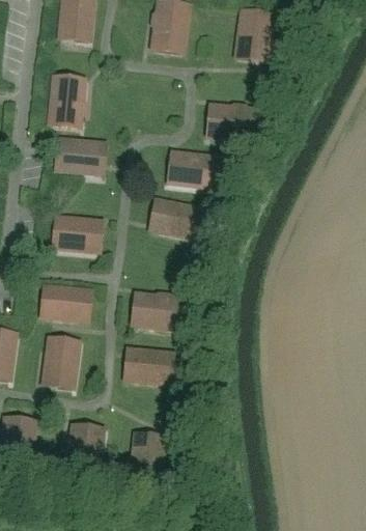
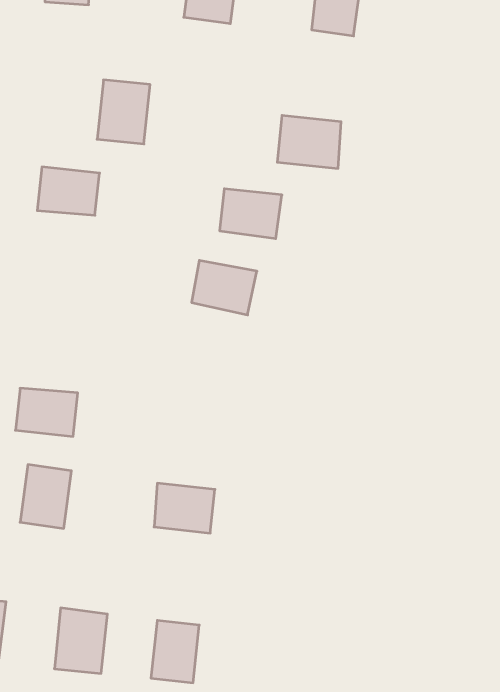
building: [48,83,83,125] -> [97,80,150,144]
building: [52,216,93,249] -> none
building: [139,292,182,328] -> none

